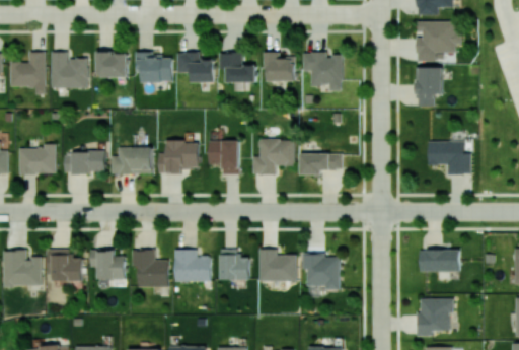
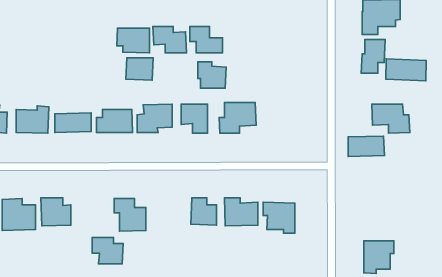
building: [264,51,296,81] -> [198,62,226,88]
building: [10,52,46,94] -> none
building: [51,52,89,87] -> none
building: [97,52,129,77] -> [126,58,153,80]
building: [303,52,343,90] -> none
building: none -> [386,59,426,81]
building: [299,153,343,174] -> none
building: [90,249,126,279] -> [92,237,123,264]
building: [174,249,211,282] -> none
building: [419,249,460,272] -> [348,136,384,156]

